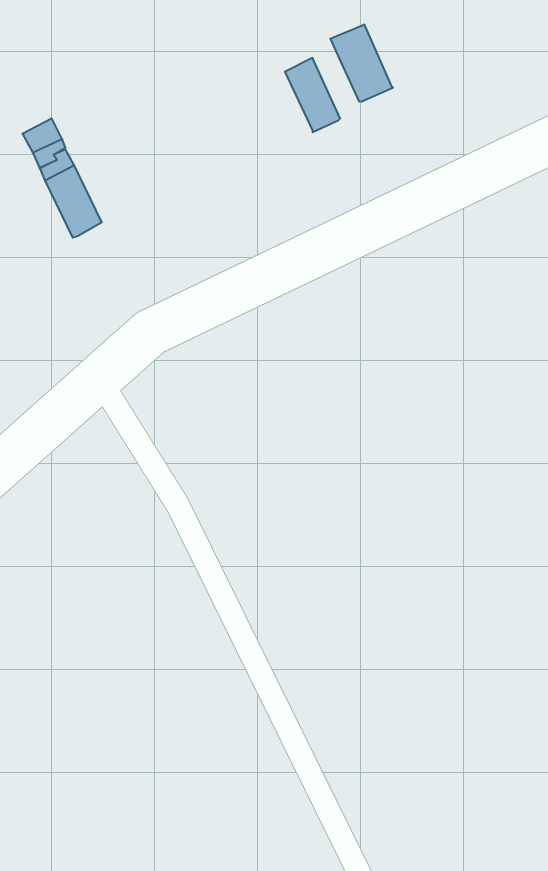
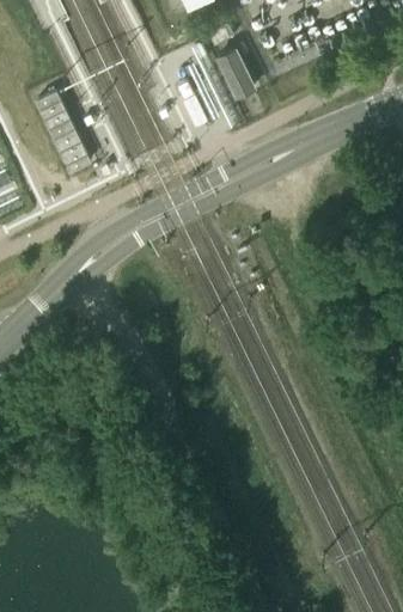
building: [330,24,393,102] -> none

